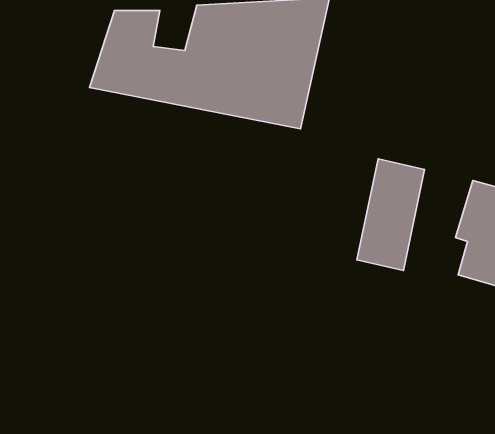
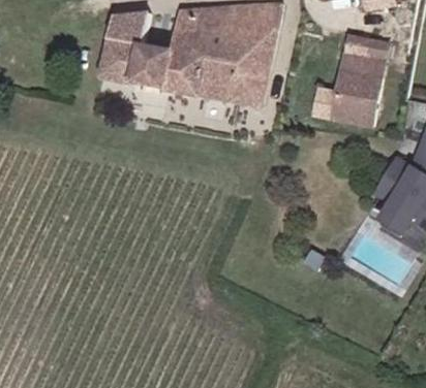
building: [357,159,425,270] -> [331,43,384,130]

